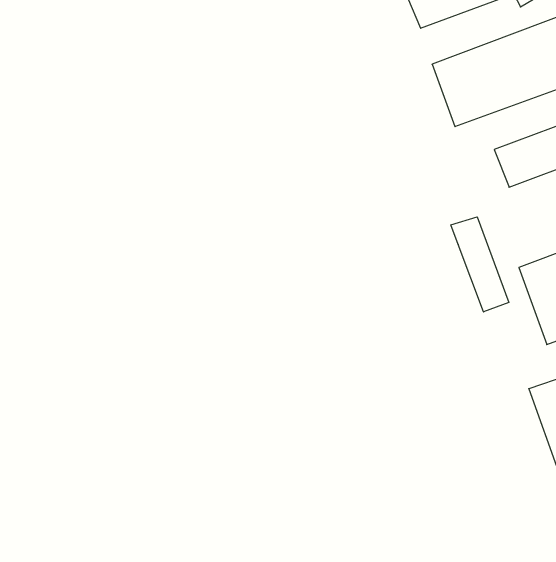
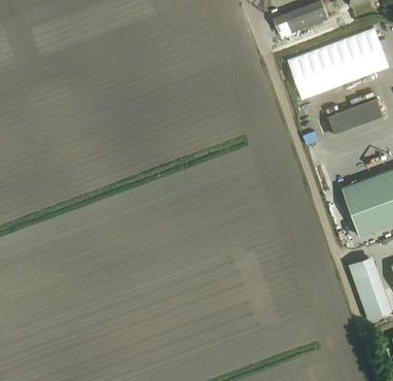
building: [451,217,509,312] -> none

